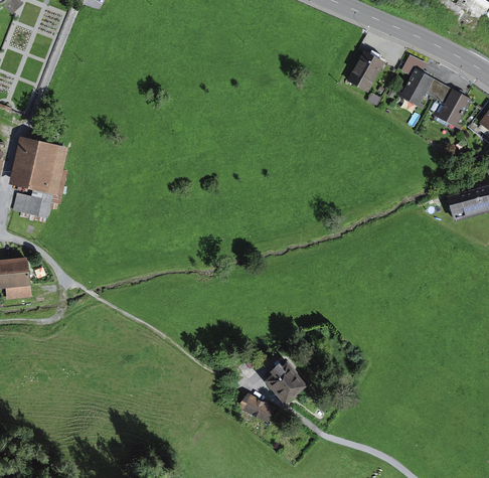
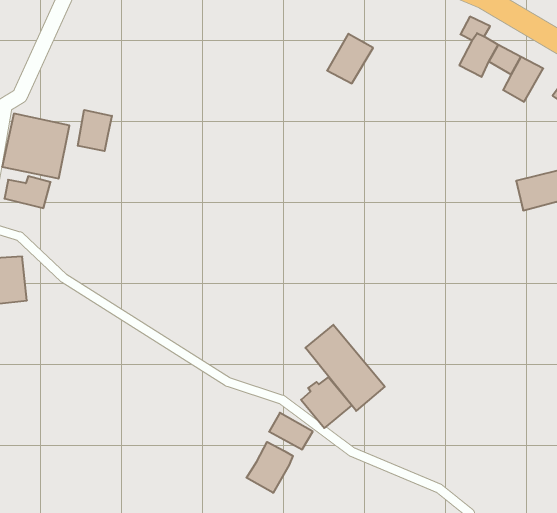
building: [346,49,385,92] -> [327,34,373,83]
building: none -> [78,110,112,151]
building: none -> [305,325,385,411]
building: none -> [246,442,293,493]

